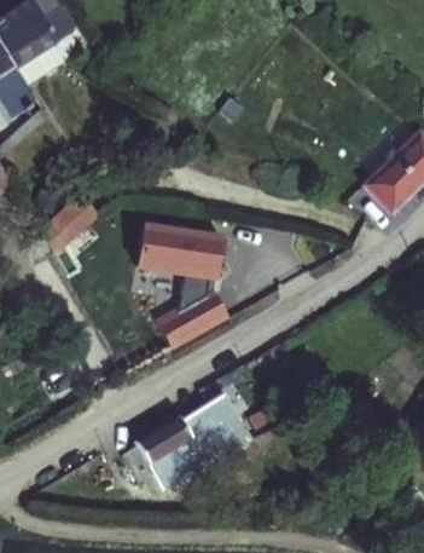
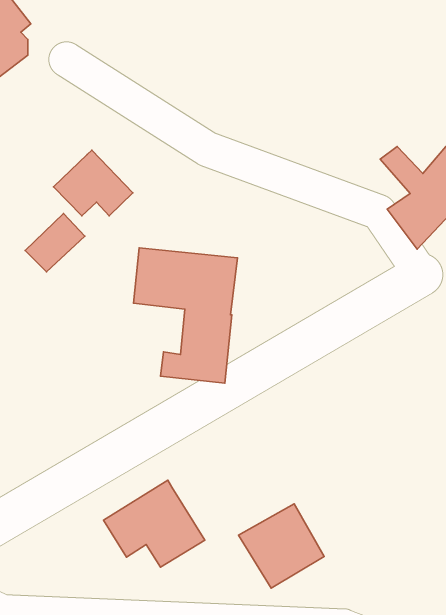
building: none -> [54,150,133,216]
building: [180,397,252,468] -> [239,504,324,588]

